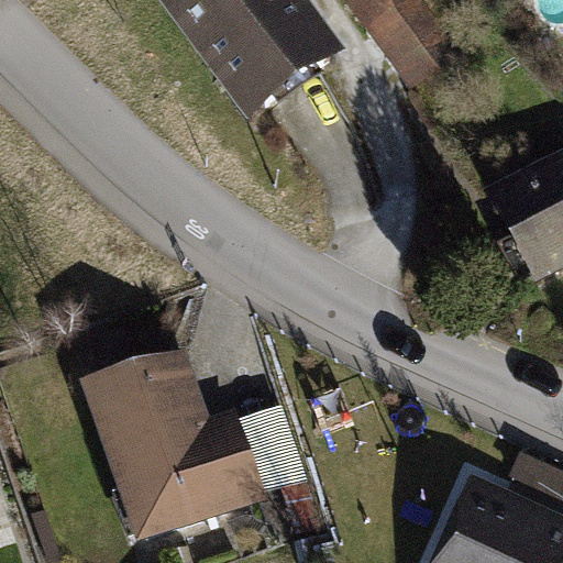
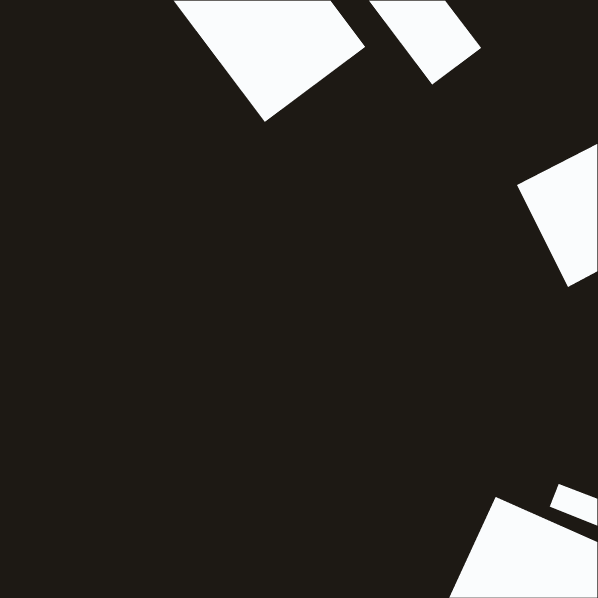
building: [81,355,312,523] -> none

